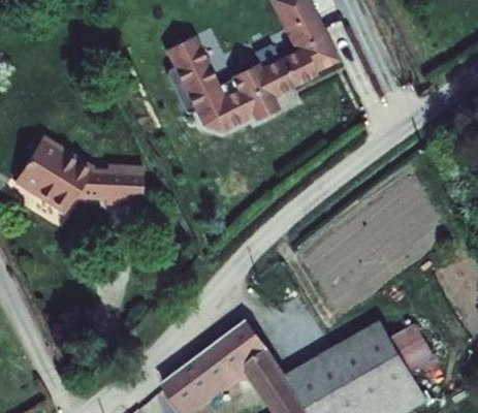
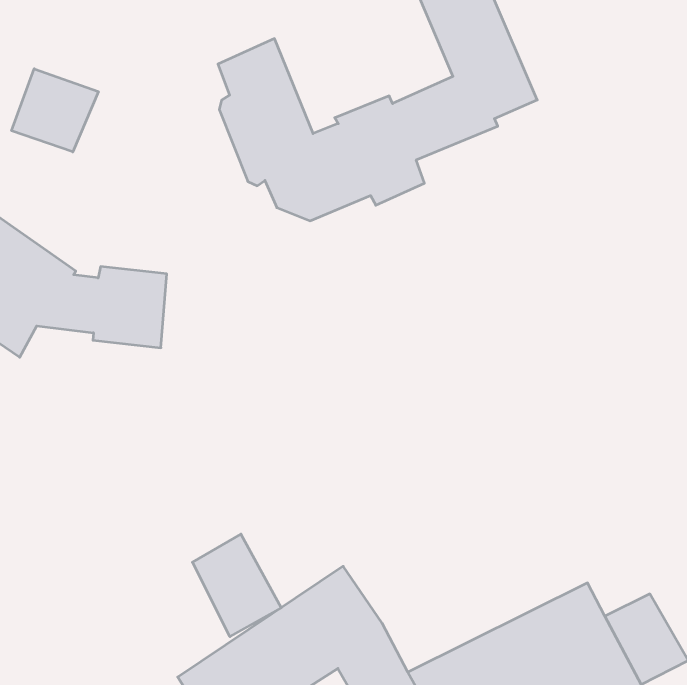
building: none -> [12,69,98,152]
building: none -> [192,534,281,637]

